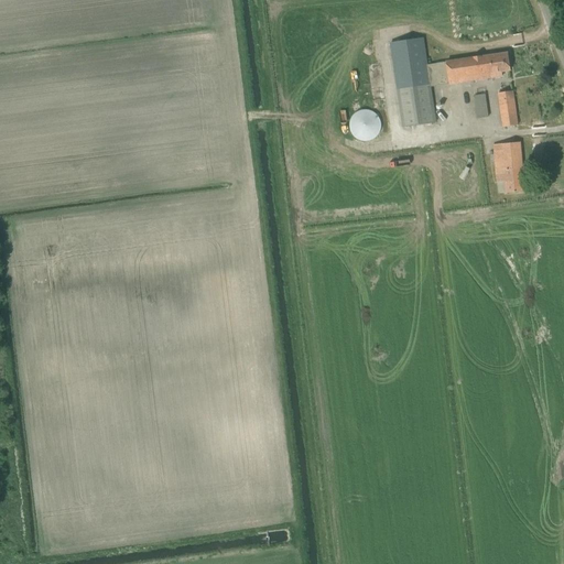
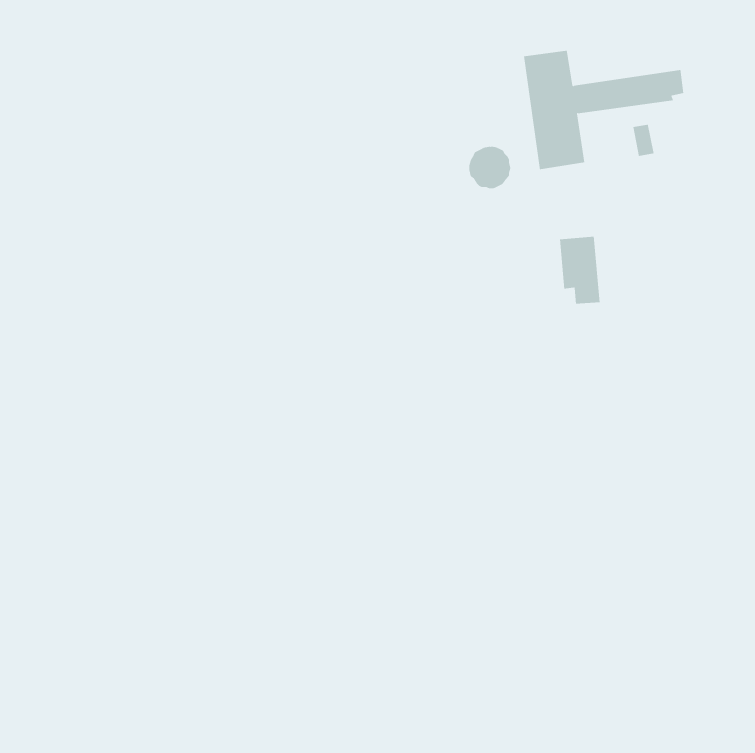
building: [498,90,519,127] -> none
building: [494,141,524,192] -> [559,236,600,304]

